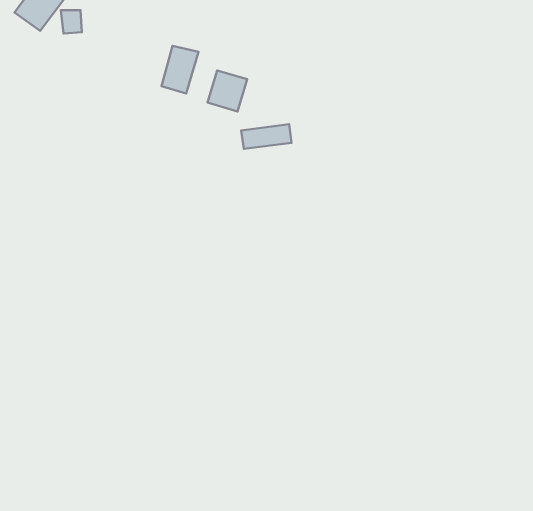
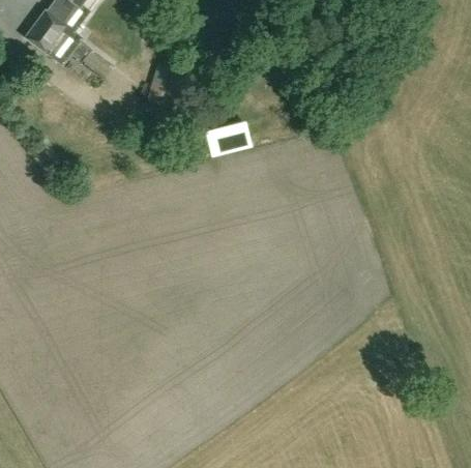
building: [207,70,247,111] -> none

